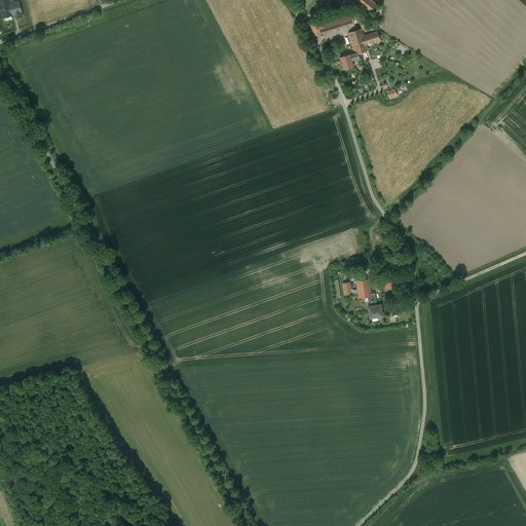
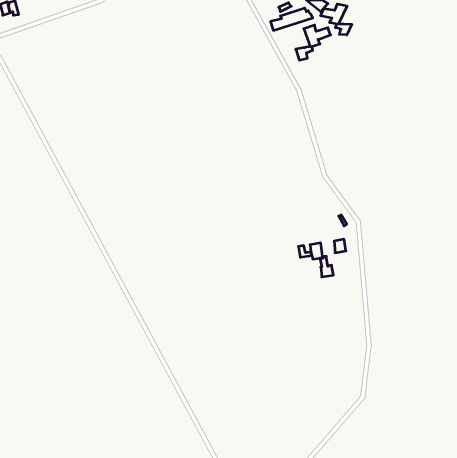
building: none -> [321,4,352,35]

